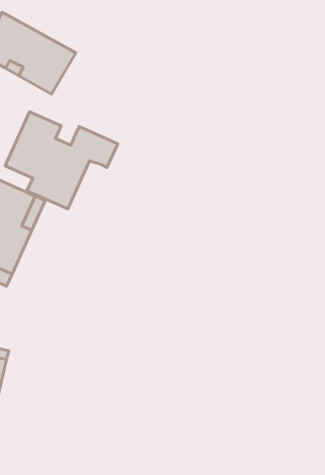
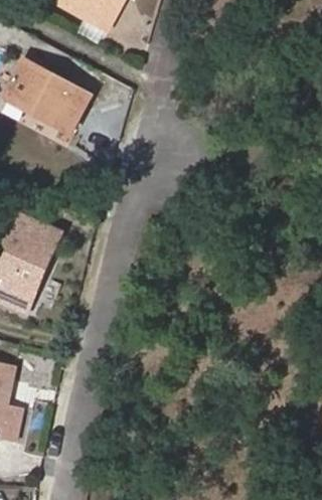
building: [5,112,118,209] -> none

